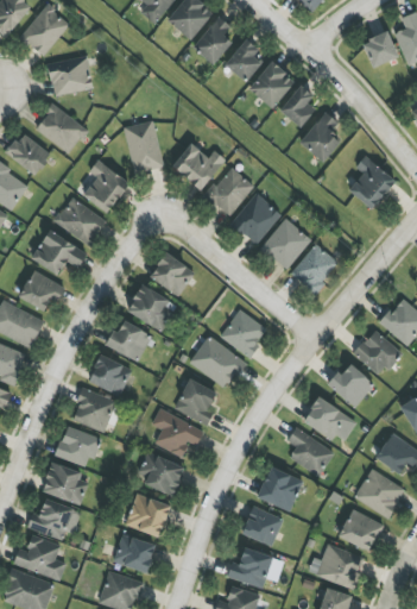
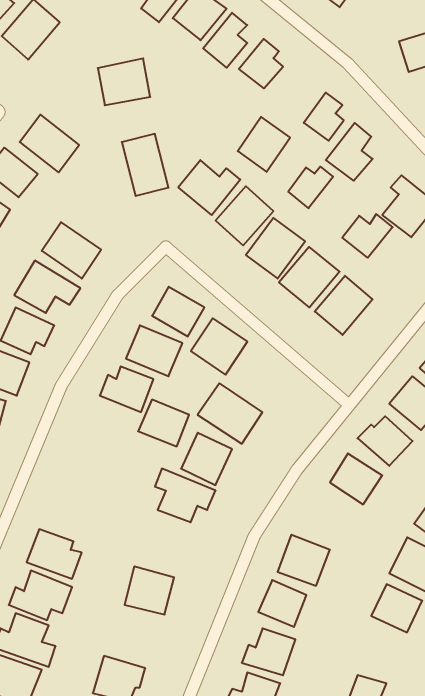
building: [48,55,93,95] -> [98,58,150,105]
building: [249,61,295,108] -> [238,117,290,172]
building: none -> [288,167,333,208]
building: [83,159,129,213] -> none
building: none -> [342,214,393,258]
building: [220,308,268,357] -> [191,318,247,375]
building: [88,354,132,395] -> [138,400,189,446]
building: [71,388,116,432] -> none
building: [56,426,100,465] -> none
building: [288,427,334,476] -> none
building: [135,451,185,495] -> none
building: [113,534,156,572] -> none
building: [308,544,365,589] -> none

